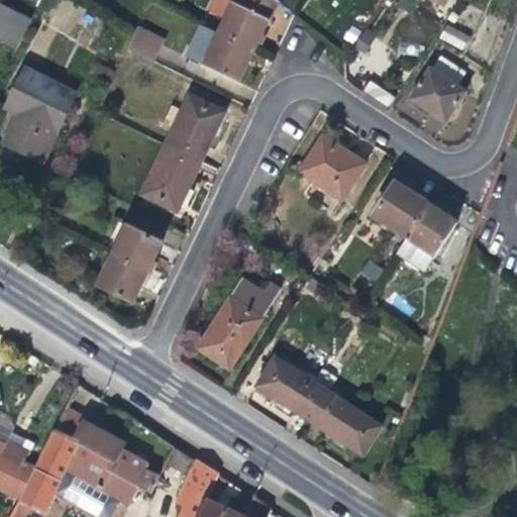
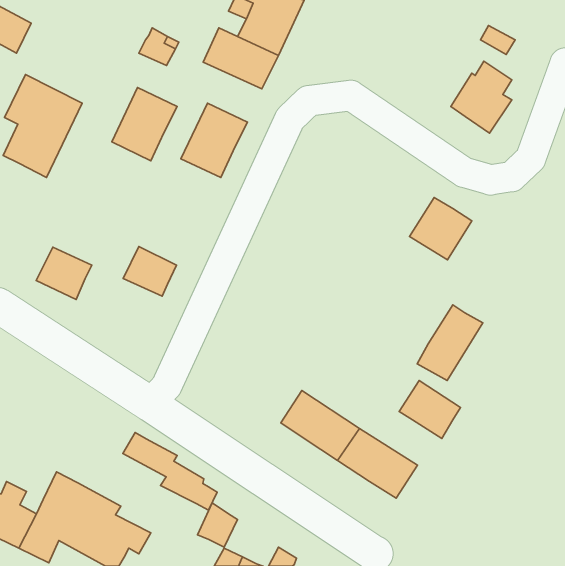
building: [298,134,366,199] -> none
building: [141,144,201,211] -> [112,87,177,161]
building: [397,201,456,270] -> [417,305,483,380]
building: [97,253,147,301] -> [36,247,92,299]
building: [196,277,281,369] -> none
building: none -> [399,381,460,438]
building: [71,420,157,491] -> [123,432,217,510]

